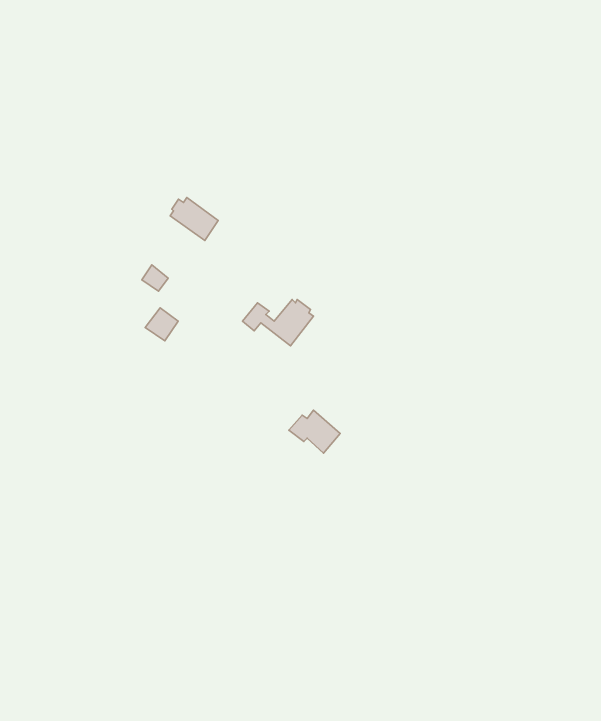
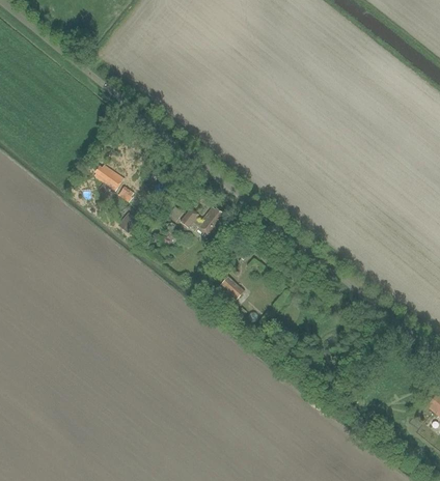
building: [170,198,218,240] -> [94,165,125,192]

